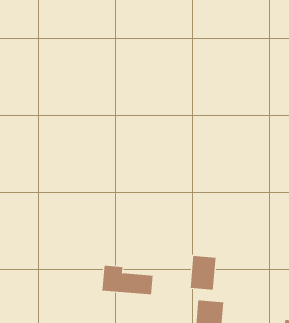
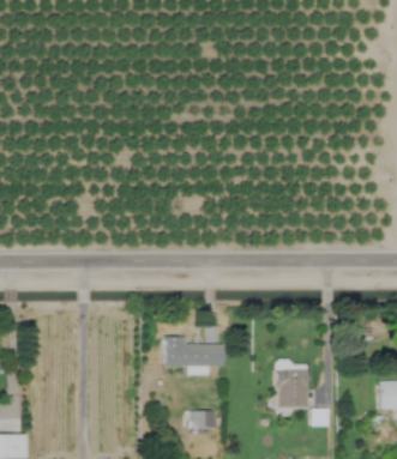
building: [190,255,216,290] -> none

